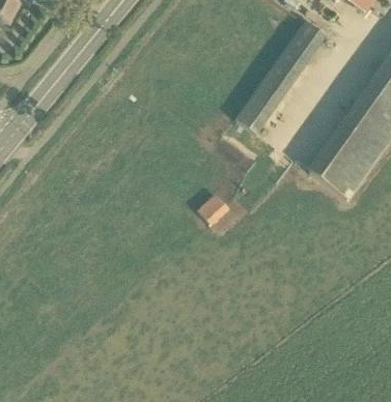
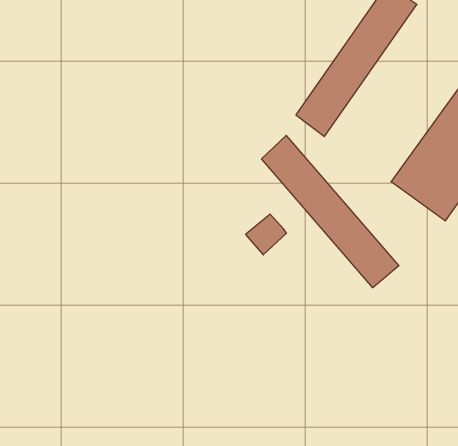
building: none -> [262,135,399,288]

